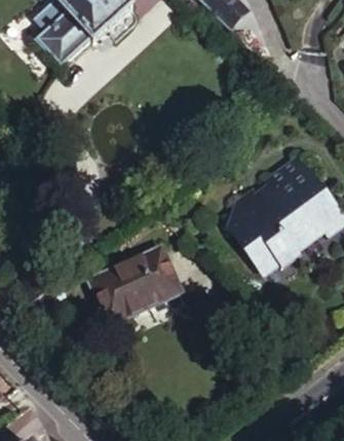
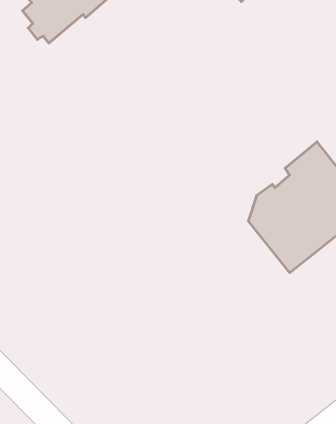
building: [86,241,184,321] -> none

